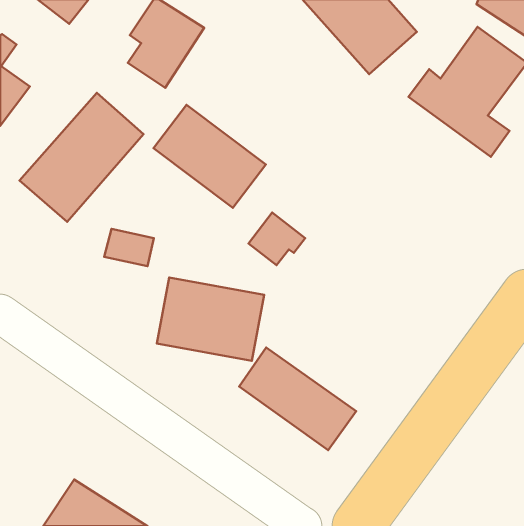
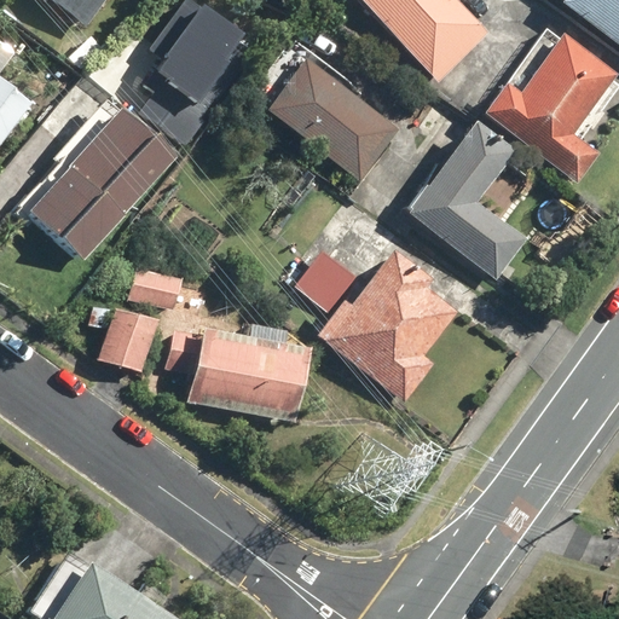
building: none -> [407,118,531,280]
building: [154,105,266,208] -> [266,58,398,179]
building: none -> [314,247,459,404]
building: none -> [98,306,161,375]
building: [239,348,356,450] -> none

